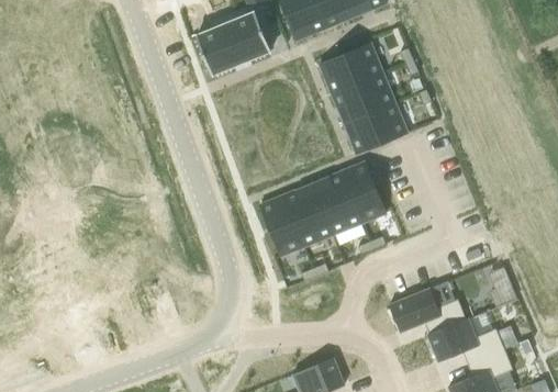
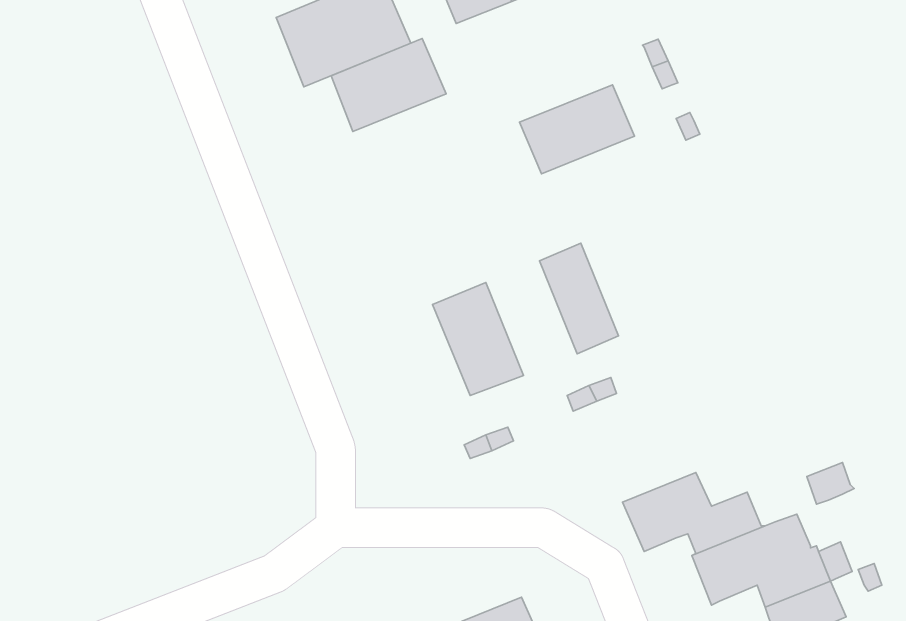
building: [320,43,383,94] -> [331,38,446,131]
building: [344,102,408,154] -> none
building: [313,171,364,235] -> none
building: [260,195,304,256] -> none

